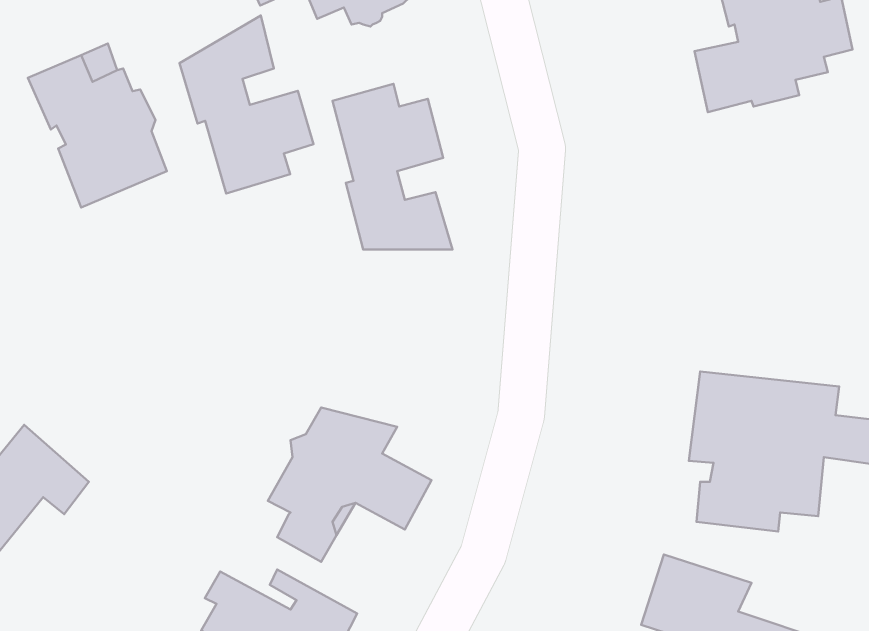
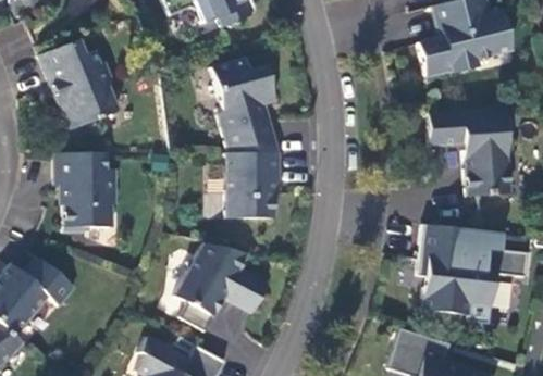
building: [180,16,314,194] -> none
building: none -> [429,108,513,196]
building: none -> [51,153,112,233]
building: none -> [225,154,280,221]

